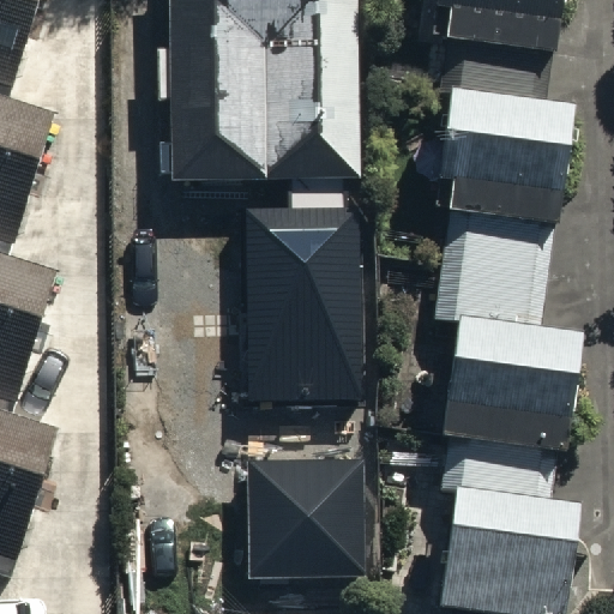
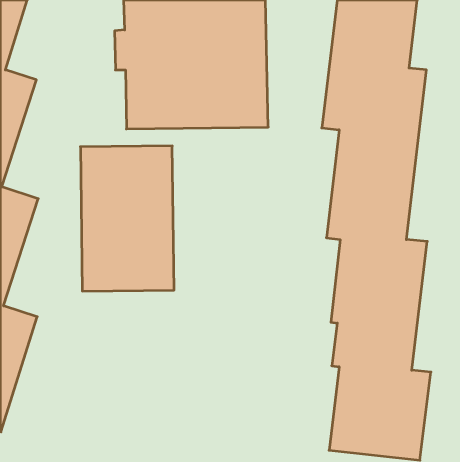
building: [252,209,375,401] -> [80,146,174,291]
building: [253,462,374,578] -> none

